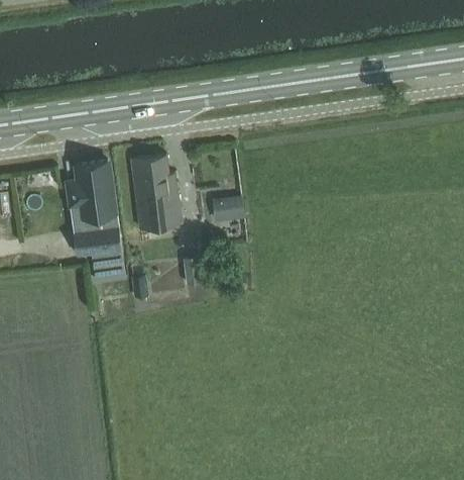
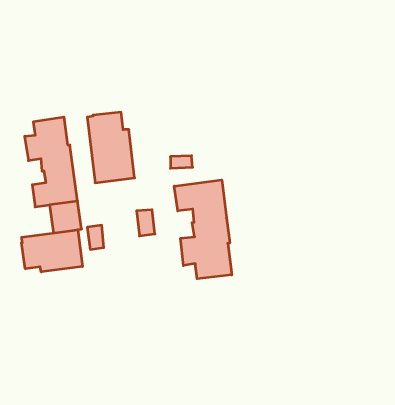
building: none -> [174,180,232,279]
building: none -> [21,230,82,272]

